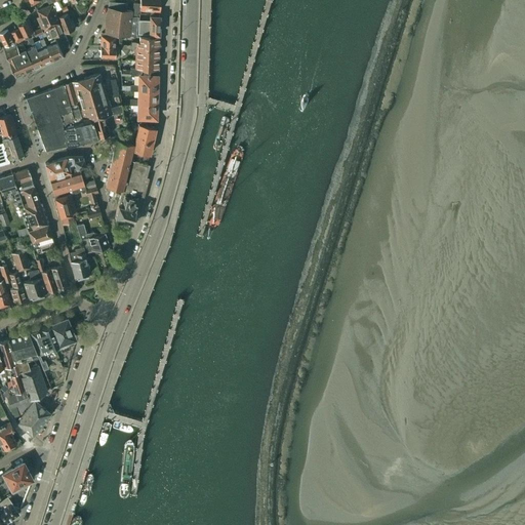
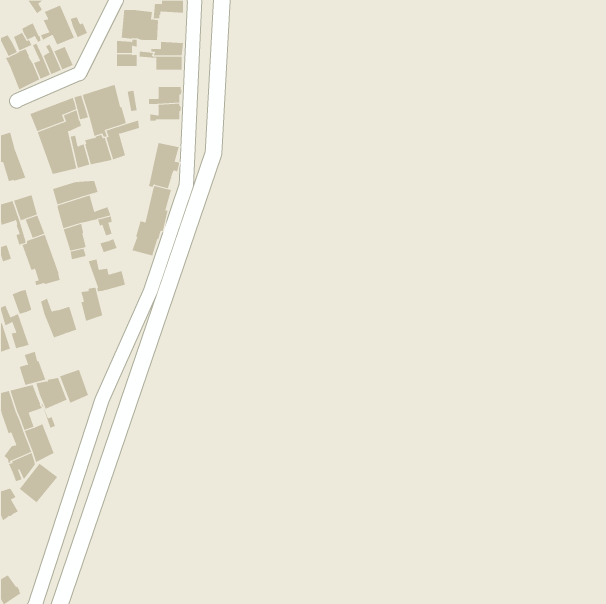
building: [137,15,159,37] -> none
building: [120,63,158,78] -> none
building: [135,106,157,129] -> none
building: [105,142,132,191] -> none
building: [23,270,46,299] -> [19,351,46,386]
building: [4,465,31,490] -> none

